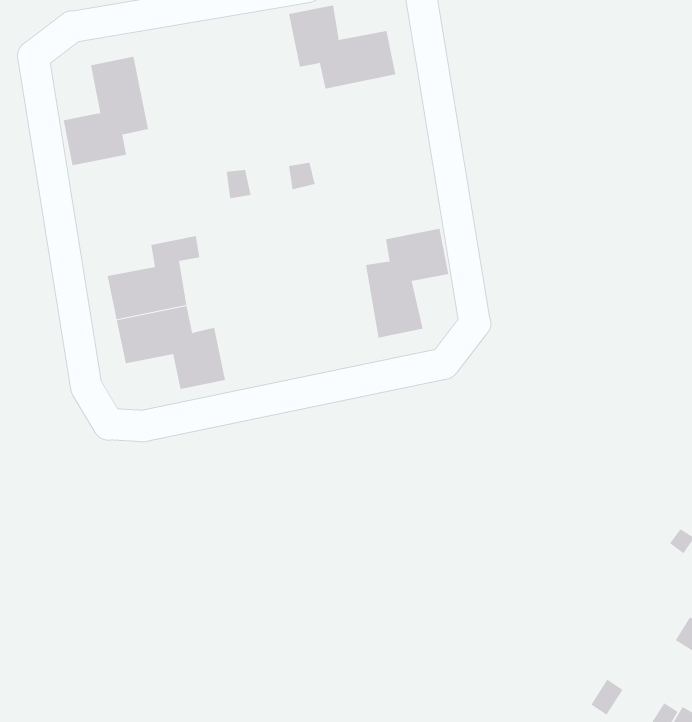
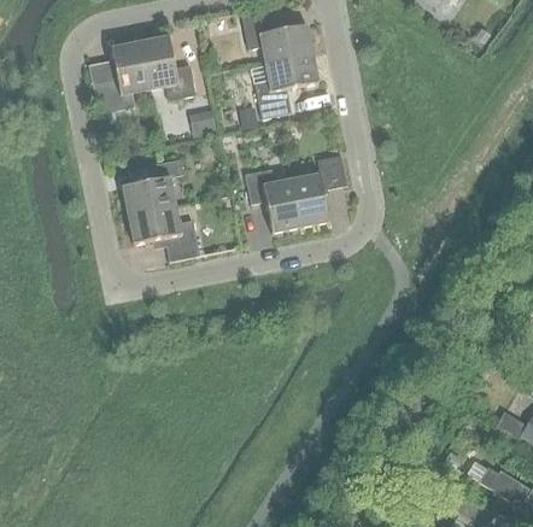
building: none -> [139,35,194,98]
building: none -> [253,52,317,117]
building: none -> [244,168,299,230]

